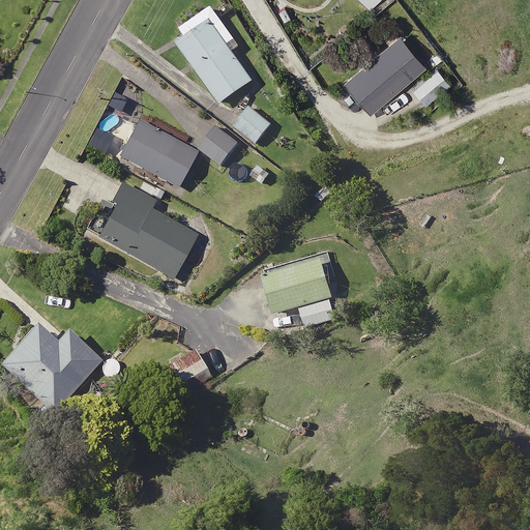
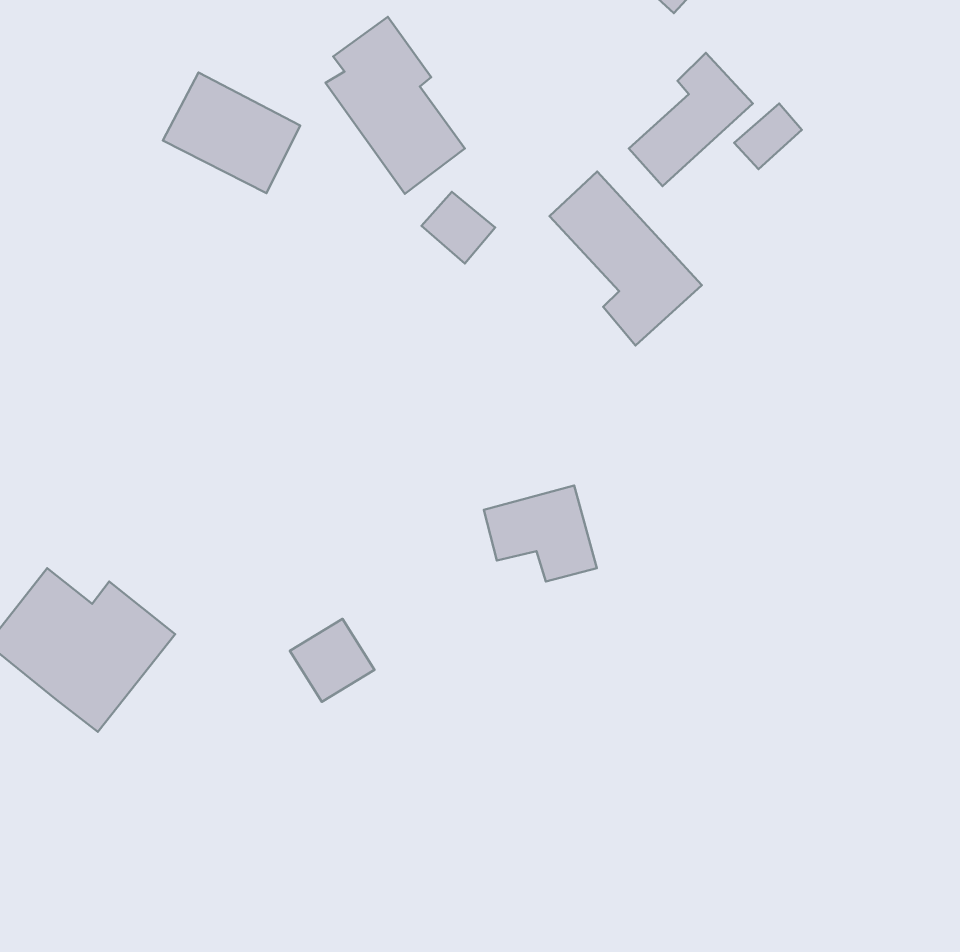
building: none -> [549,171,702,345]
building: [120,123,196,189] -> [163,73,300,193]
building: [200,128,242,170] -> none
building: [101,180,201,282] -> none

